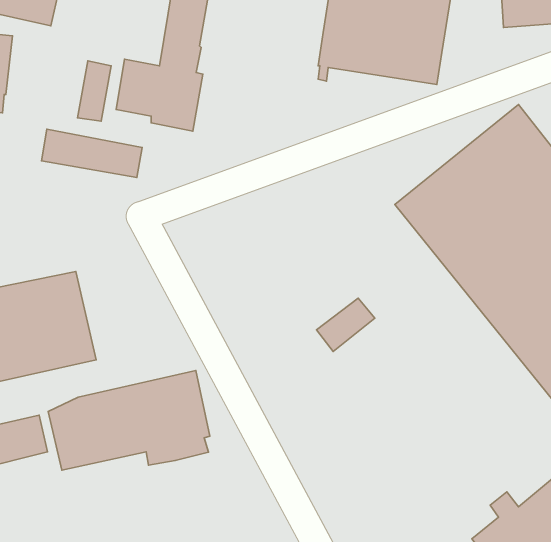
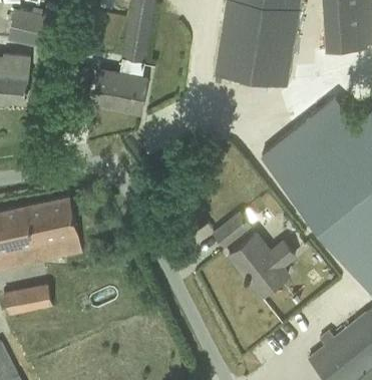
building: [42,129,142,178] -> none
building: none -> [228,233,297,296]
building: [48,370,210,470] -> none

